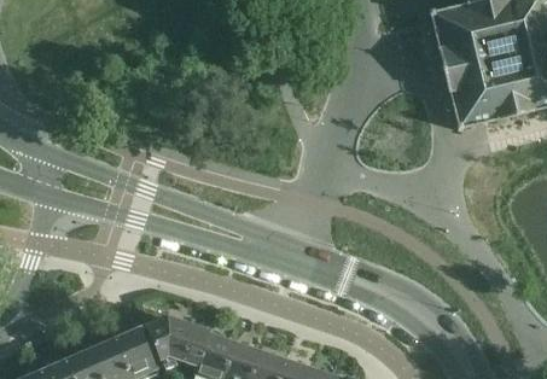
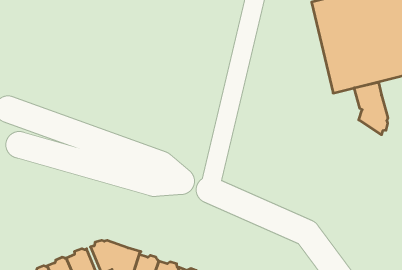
building: none -> [354,82,388,135]

